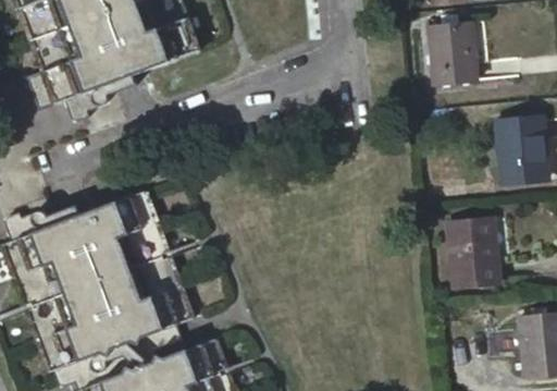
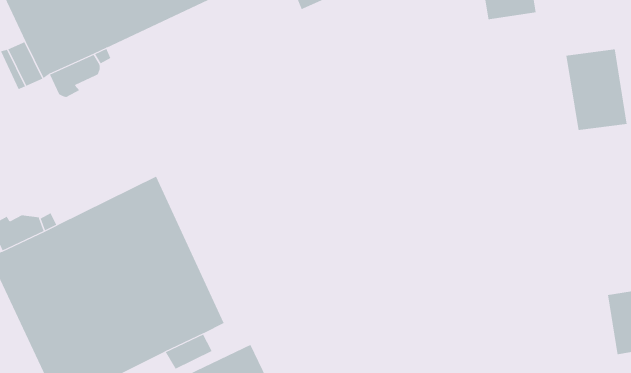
building: [446,217,497,283] -> none

